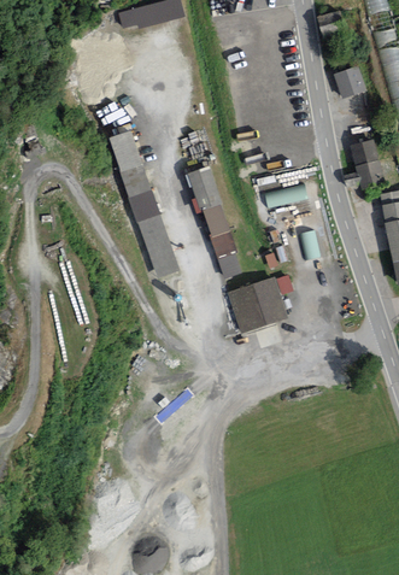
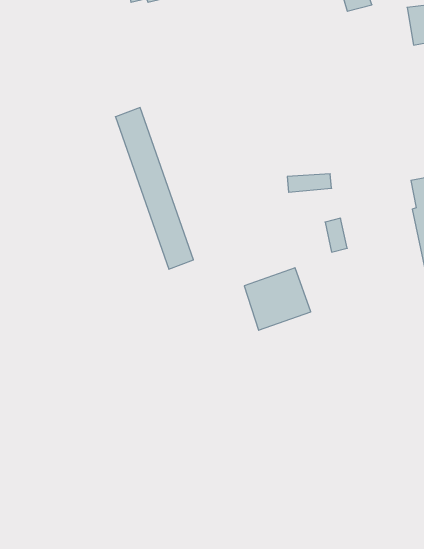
building: [333,64,365,98] -> none
building: [342,139,383,190] -> none
building: [186,164,241,278] -> none

